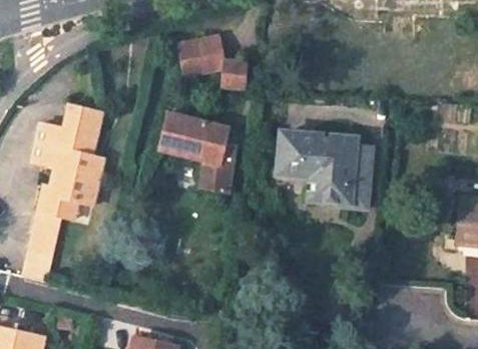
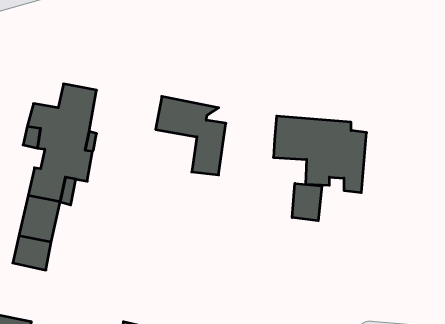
building: [180,33,247,85] -> none
building: none -> [292,183,322,221]

